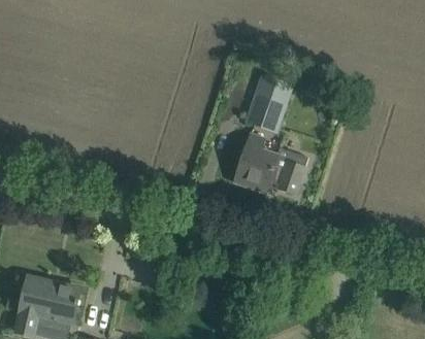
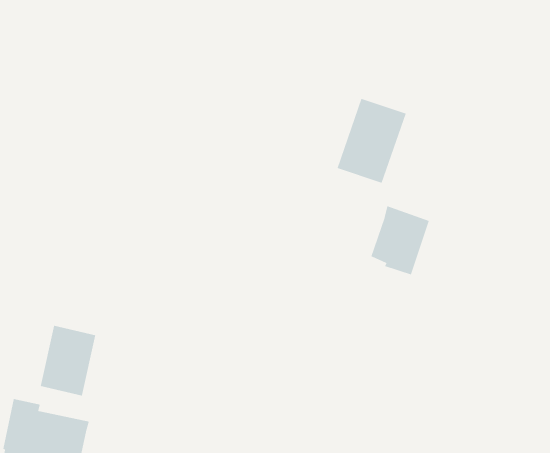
building: [235,135,275,193] -> none
building: none -> [40,325,96,397]

